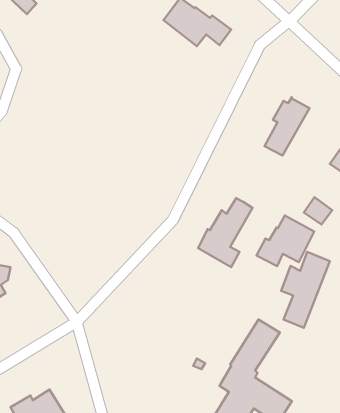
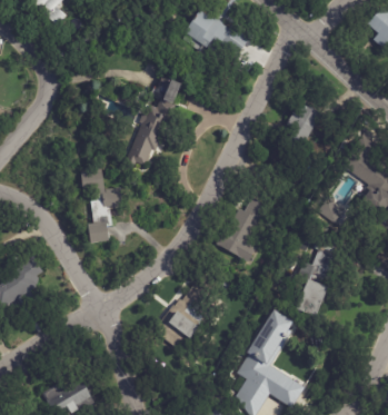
building: none -> [125,79,181,169]
building: none -> [81,168,119,243]
building: [257,216,314,266] -> none
building: none -> [159,284,208,340]

